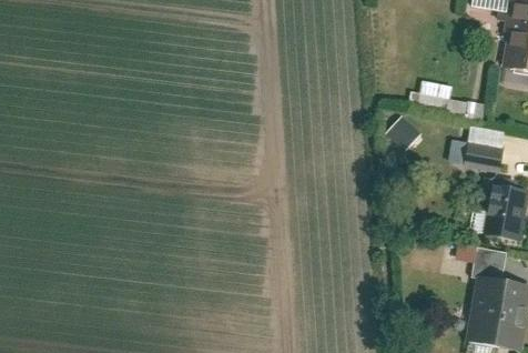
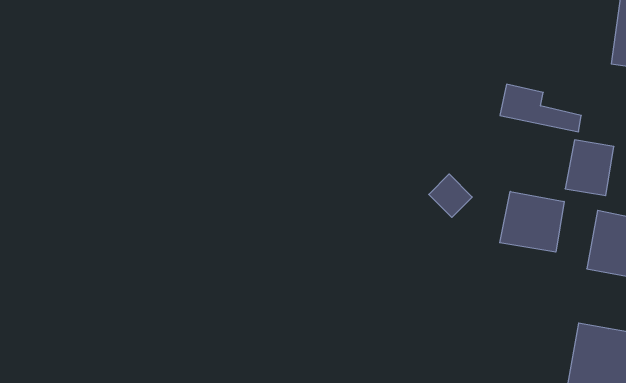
building: [387,114,423,150] -> [429,174,472,217]
building: none -> [500,191,564,252]
building: [473,246,507,281] -> none

